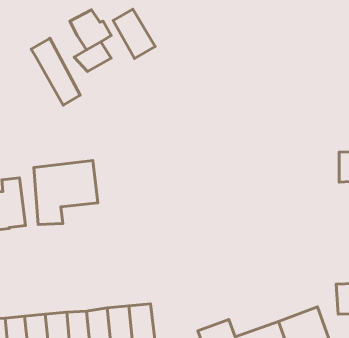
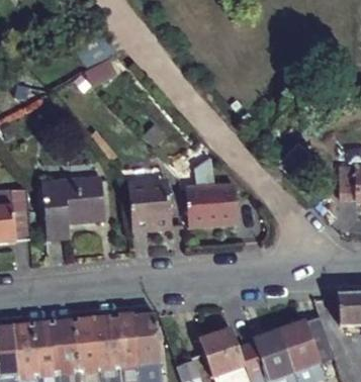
building: [113,9,155,58] -> none
building: [31,38,80,105] -> none
building: none -> [185,157,237,226]
building: none -> [127,181,172,229]

